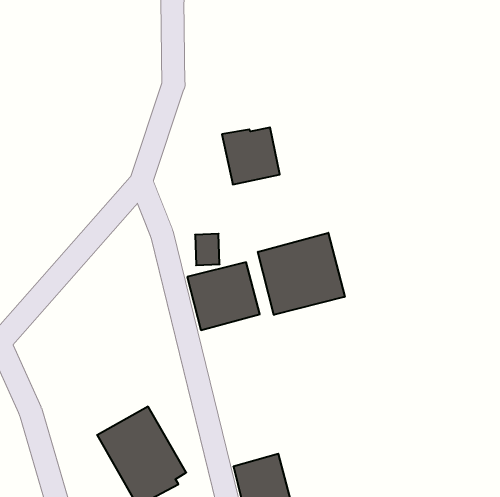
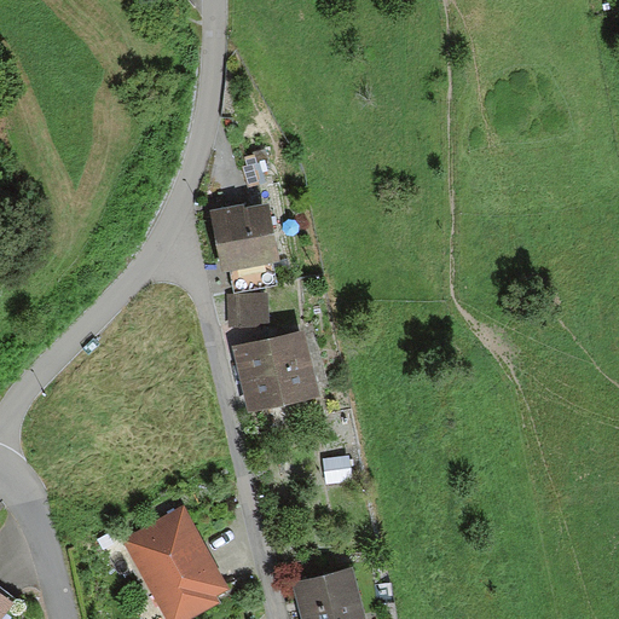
building: [222,127,280,184] -> [209,201,280,271]
building: [258,233,345,315] -> none

